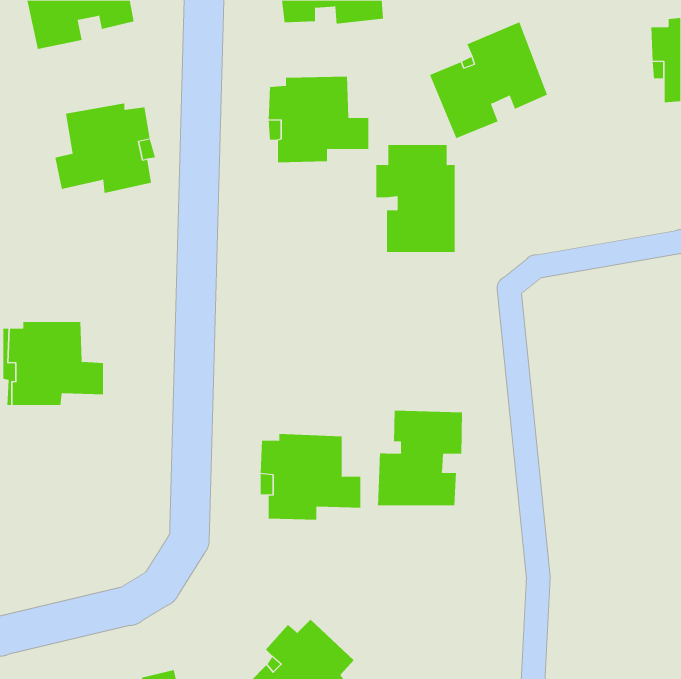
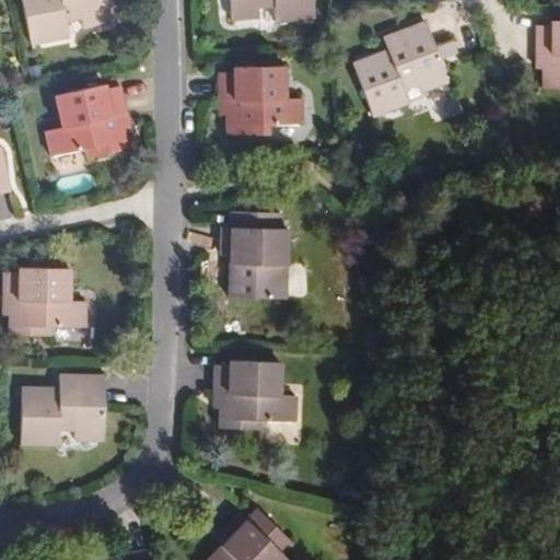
building: [375,145,455,253] -> [223,211,289,300]
building: [378,410,463,506] -> none
building: none -> [22,373,106,444]

